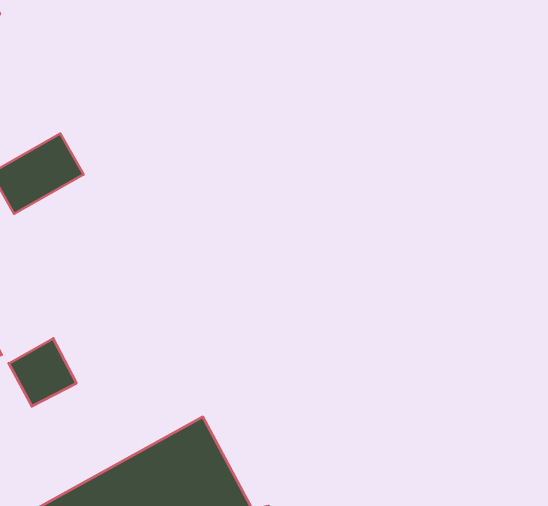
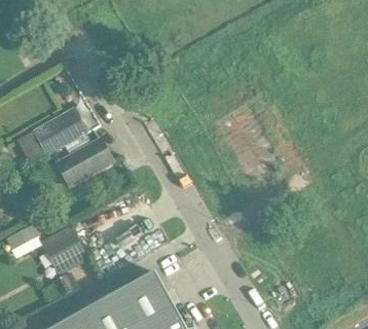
building: none -> [57,138,112,187]

